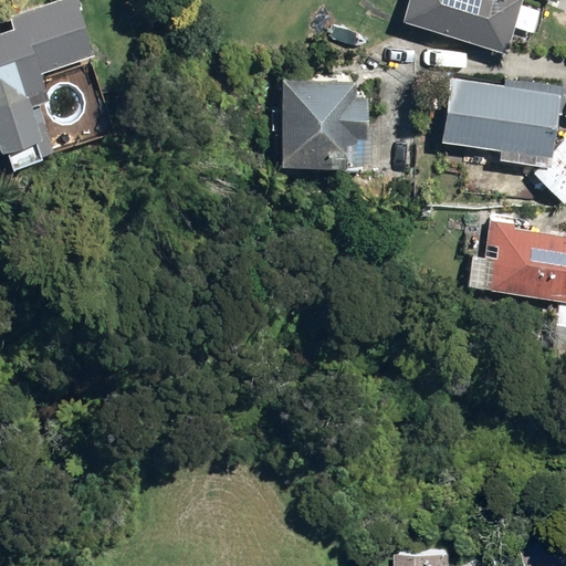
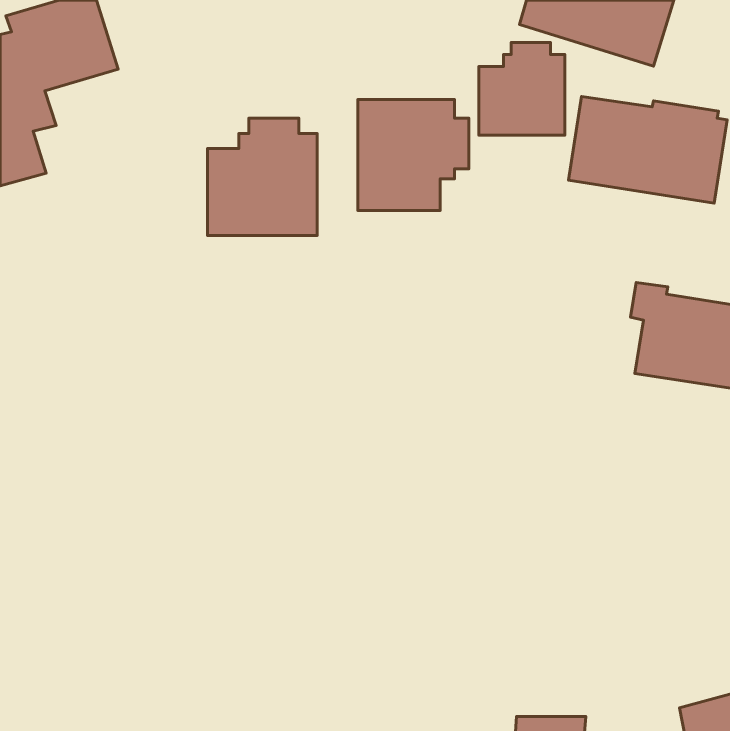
building: none -> [479,43,565,135]
building: none -> [207,118,317,236]

